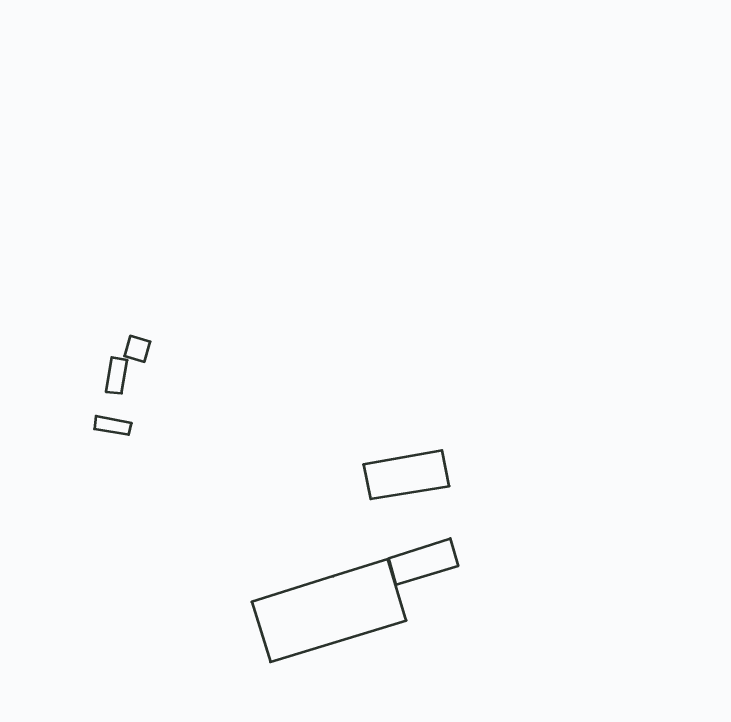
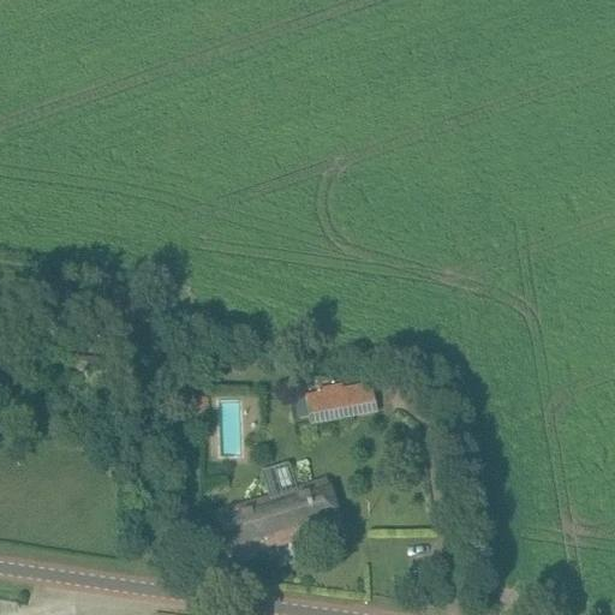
building: [389,538,458,585] -> none

